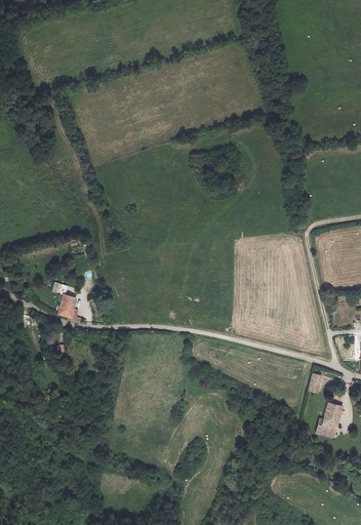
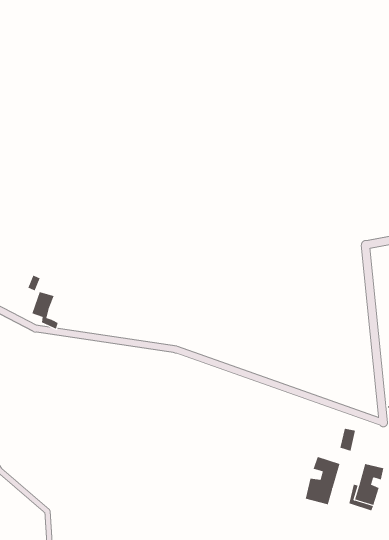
building: none -> [305,456,340,505]

